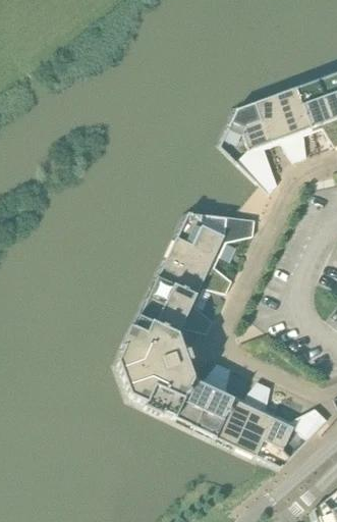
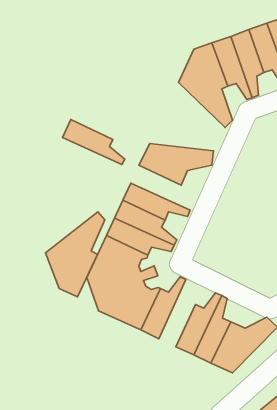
building: [165,237,235,288] -> [63,120,125,165]
building: none -> [46,212,105,297]
building: [196,366,238,442] -> none

